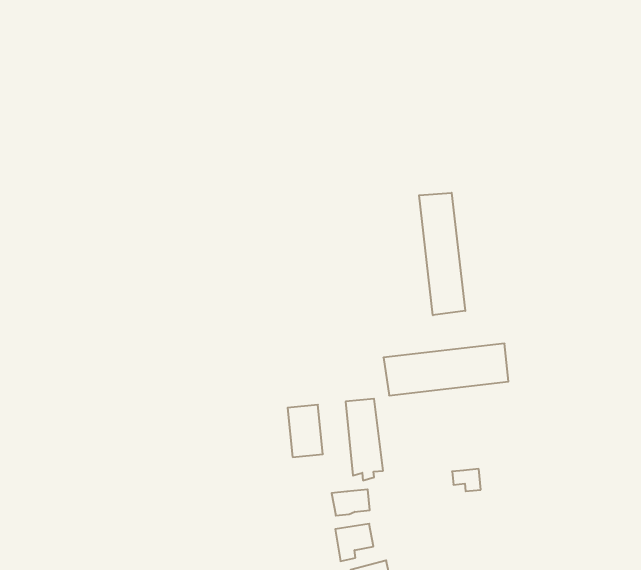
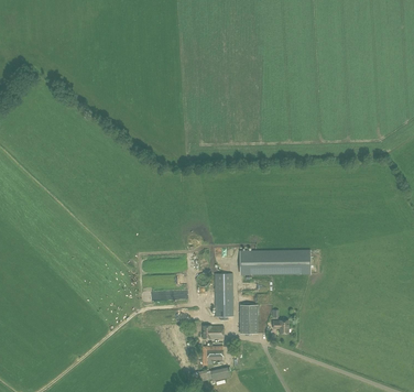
building: [419,193,465,315] -> none
building: [288,405,323,457] -> [239,305,257,334]

